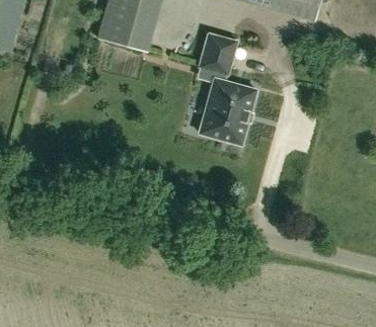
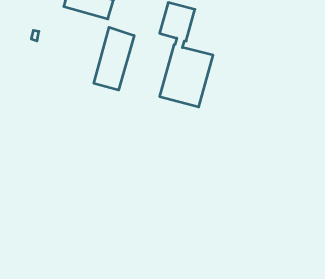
building: none -> [94,27,134,90]

